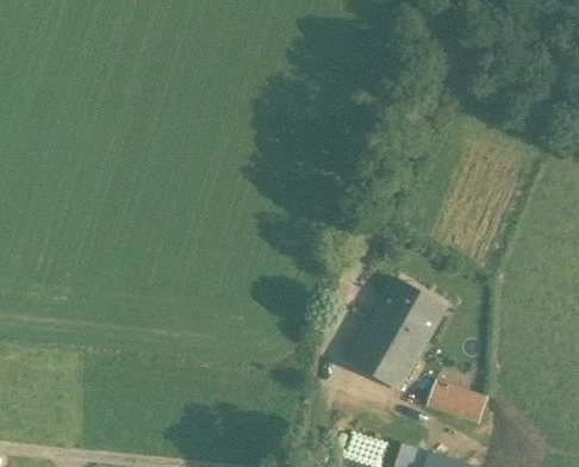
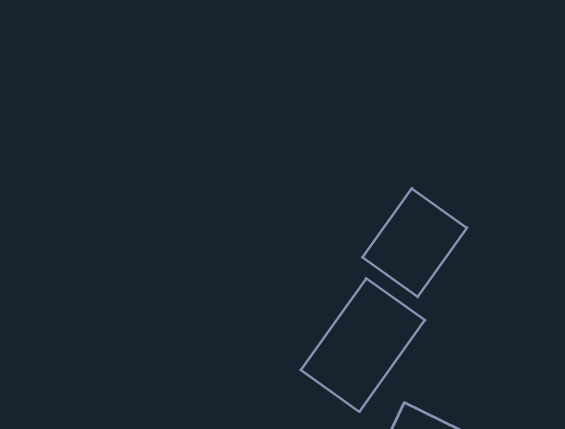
building: none -> [362,188,467,297]

